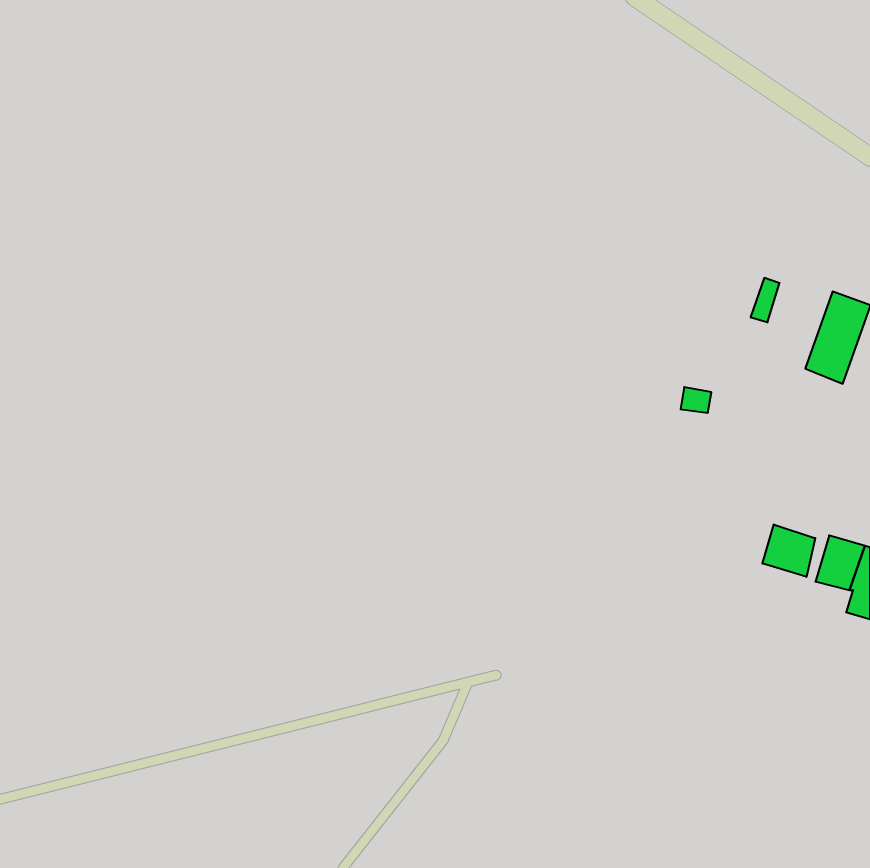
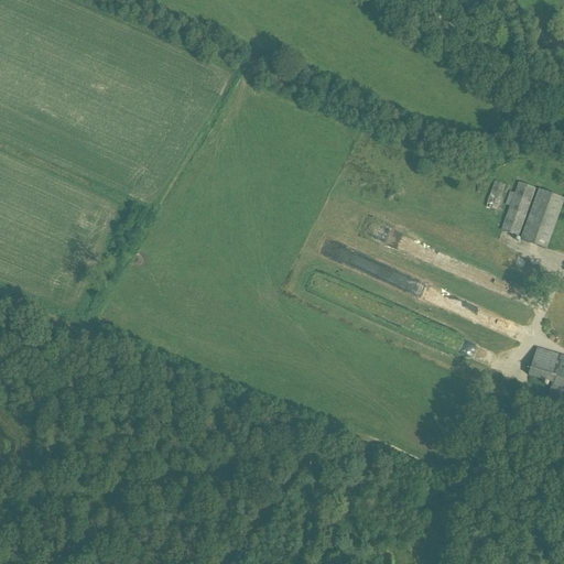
building: none -> [501,182,533,236]
building: [762,524,815,577] -> none

